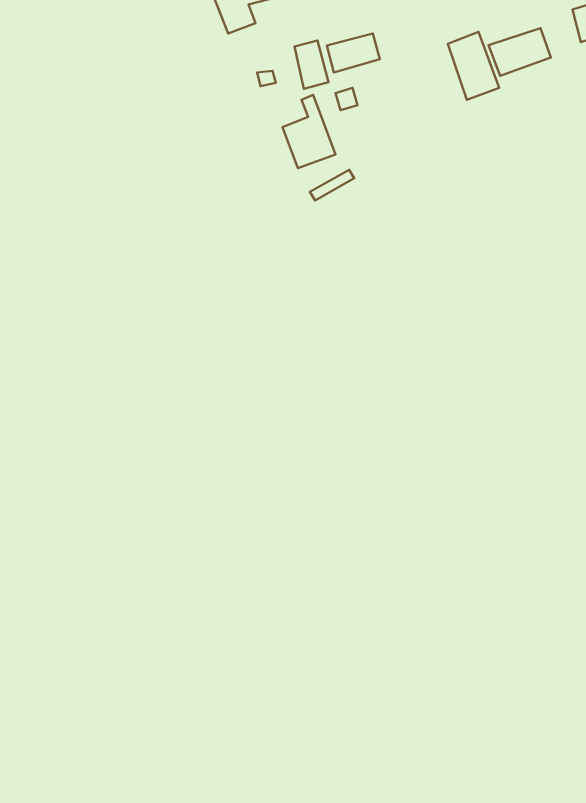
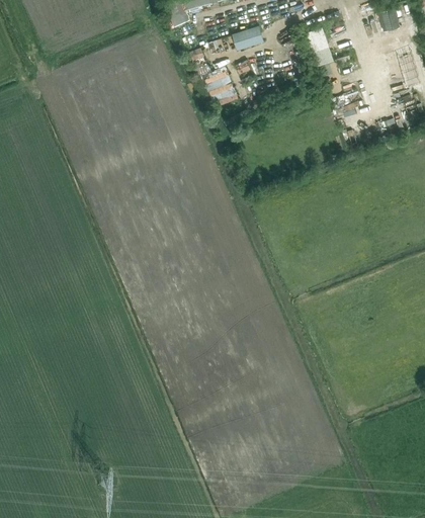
building: [489,28,551,76] -> none
building: [294,41,328,89] -> none

